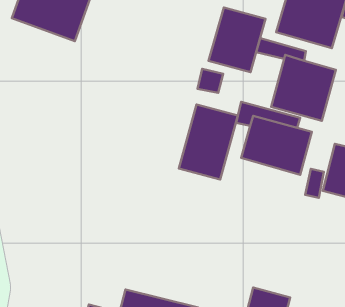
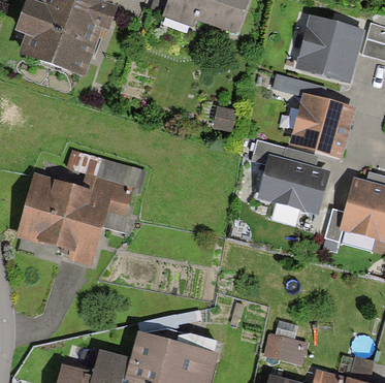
building: [209,7,266,72] -> none
building: [179,105,238,179] -> none
building: none -> [18,147,146,264]

